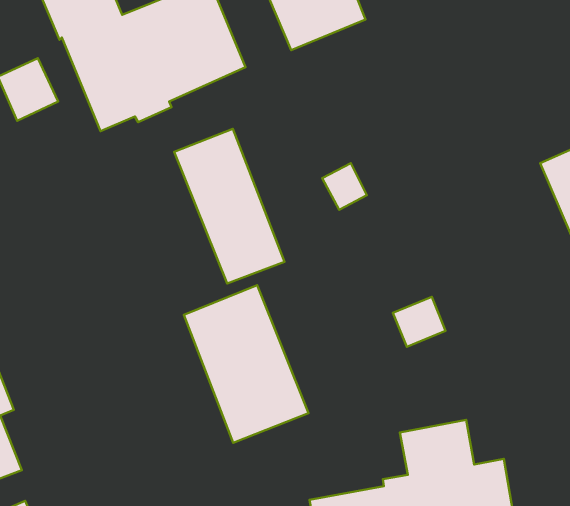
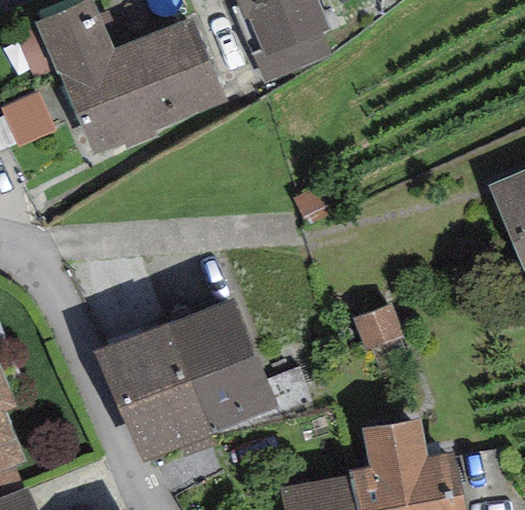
building: [174,129,284,283] -> none
building: none -> [93,321,212,466]

